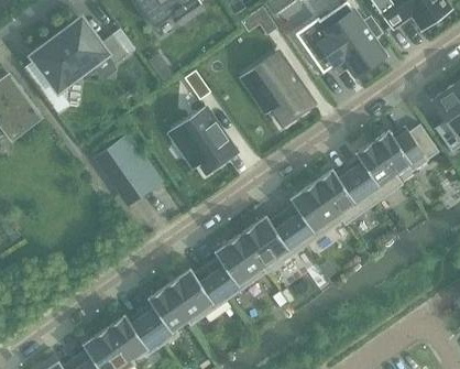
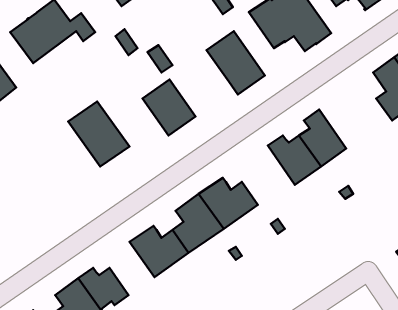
building: [371,124,438,184] -> none
building: [286,181,344,246] -> none
building: [141,286,190,345] -> none

